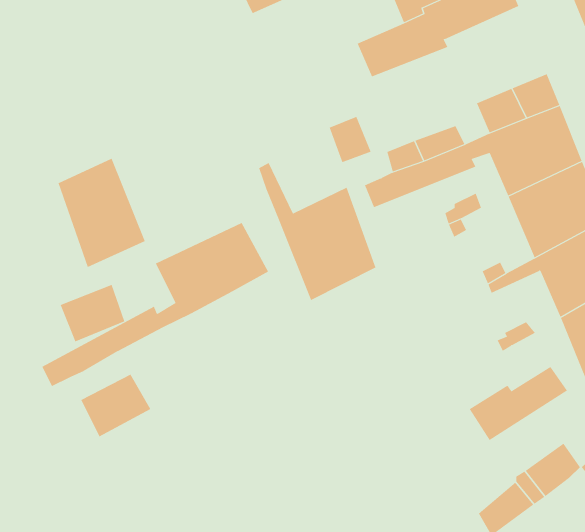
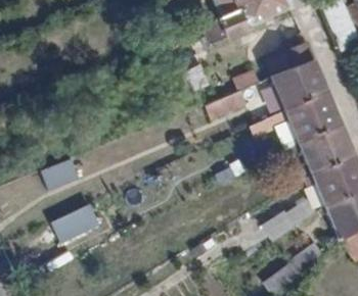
building: [58,158,145,268] -> none
building: [258,162,376,301] -> none
building: [41,222,269,387] -> none

